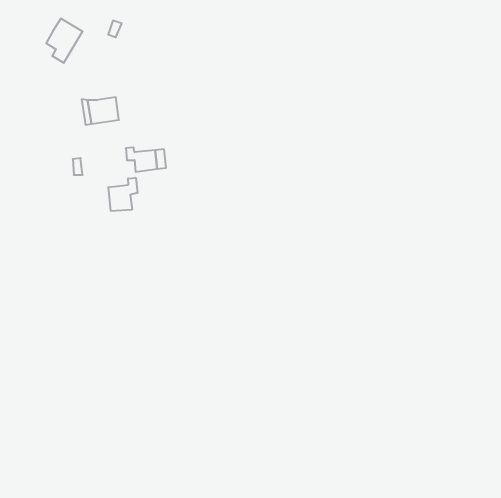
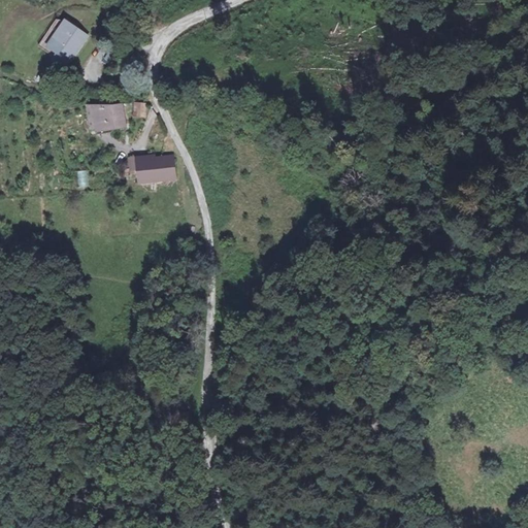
building: [108,178,138,211] -> none

